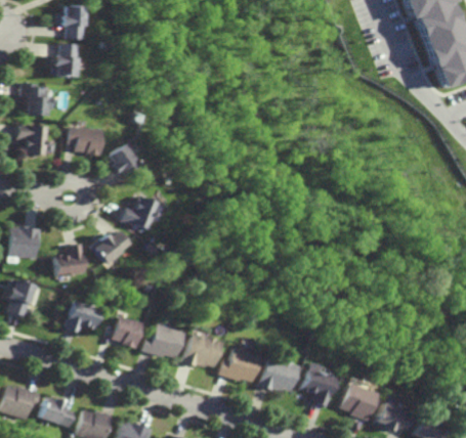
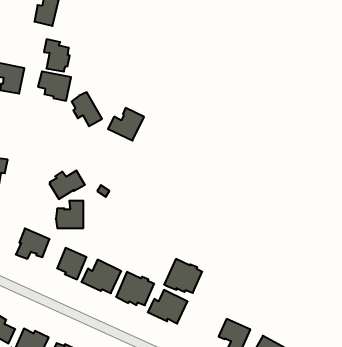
building: [23,82,51,115] -> [44,39,70,72]
building: [121,195,159,230] -> [108,108,144,141]
building: [55,244,87,277] -> [56,201,83,228]
building: [258,357,298,392] -> [164,259,202,293]

